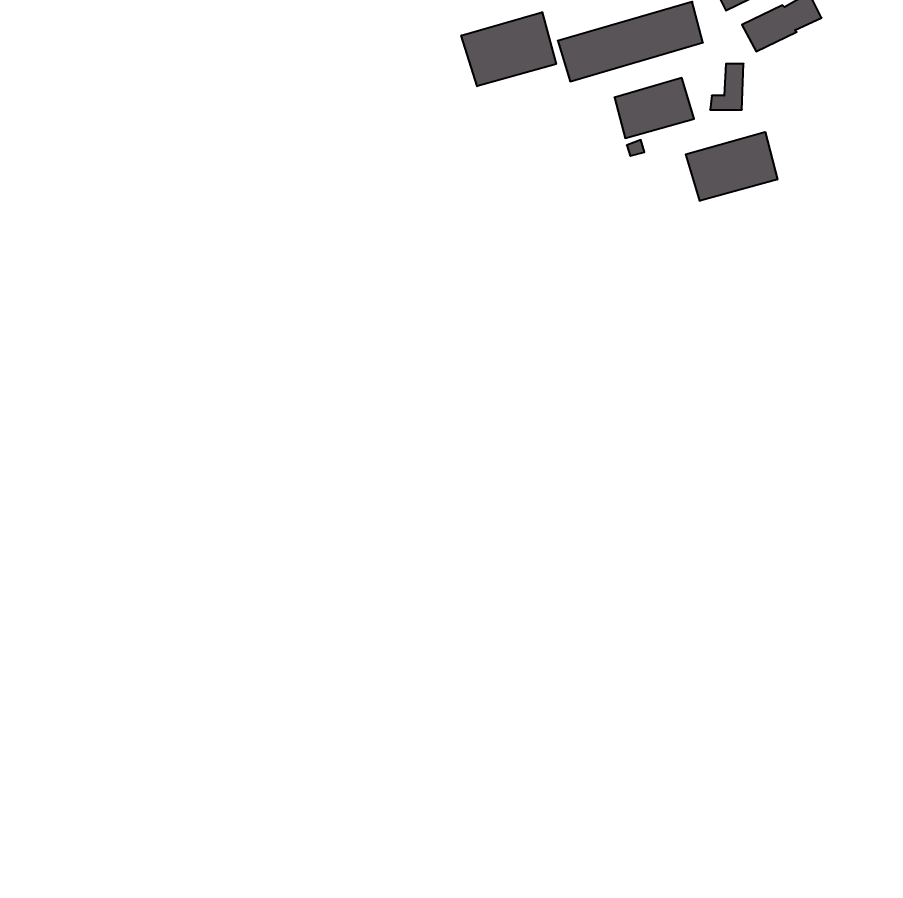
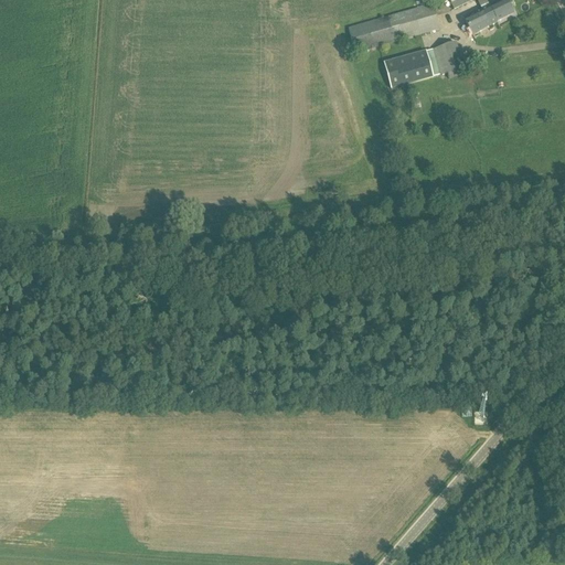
building: [461,12,556,86] -> none
building: [686,132,777,201] -> none

